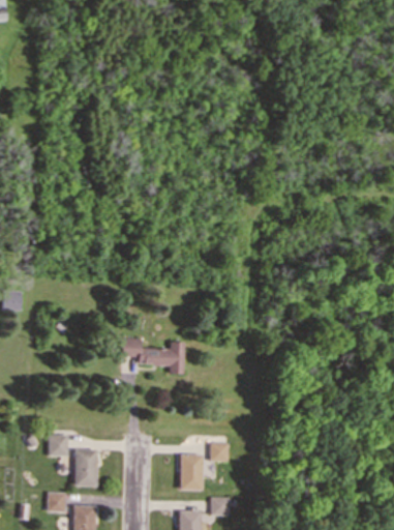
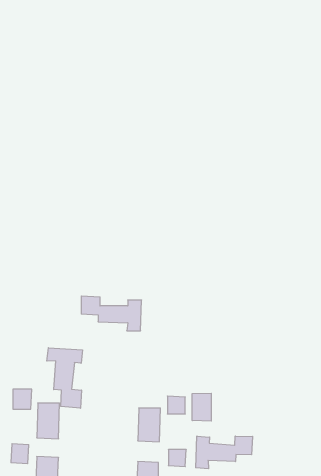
building: none -> [47,348,82,408]
building: none -> [192,393,211,421]
building: none -> [196,436,253,469]

